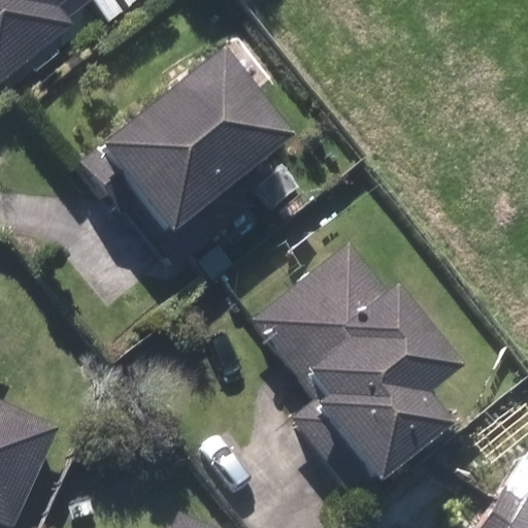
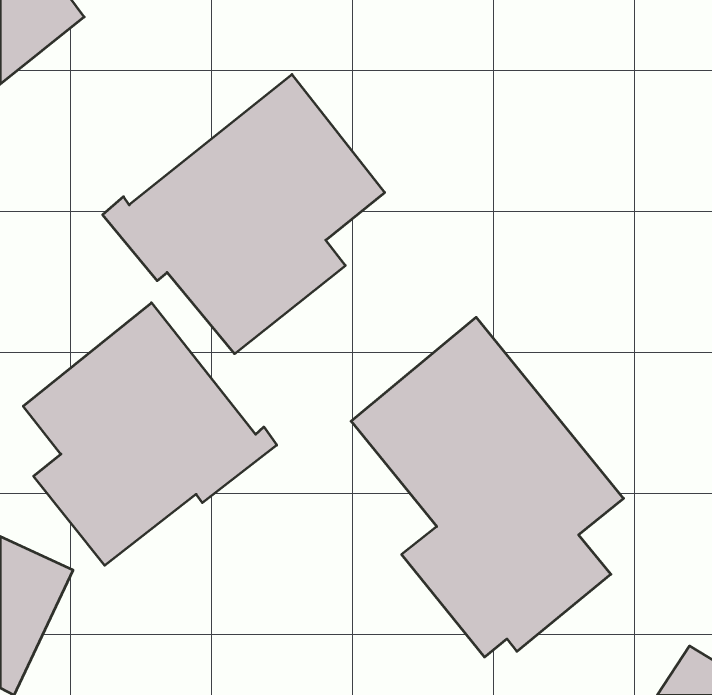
building: none -> [23,303,277,565]

